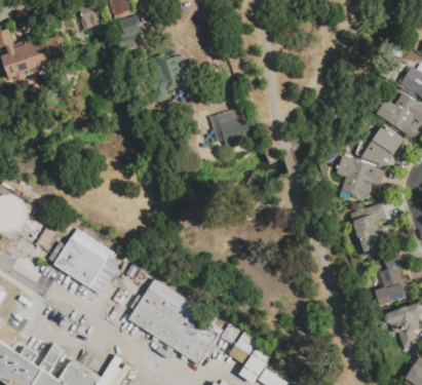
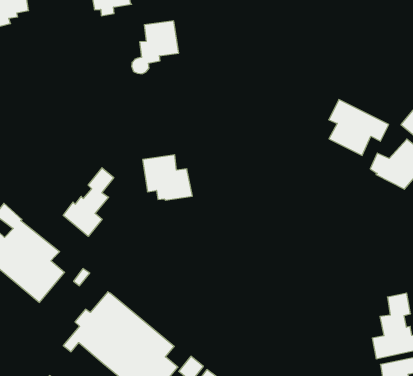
building: [207,108,252,146] -> [143,155,192,200]
building: [336,157,385,200] -> [329,100,389,155]
building: none -> [63,168,114,236]
building: [346,202,387,252] -> none

